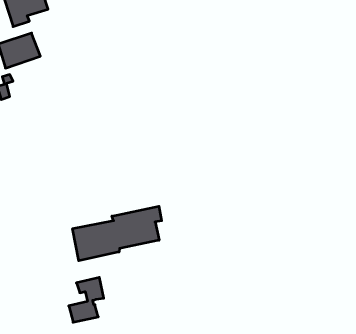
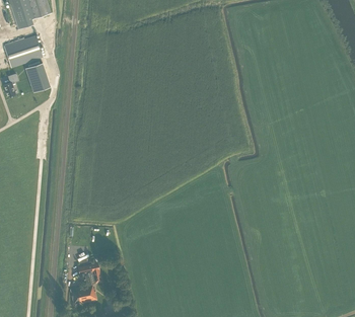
building: none -> [25,63,50,92]
building: [73,206,162,261] -> none

